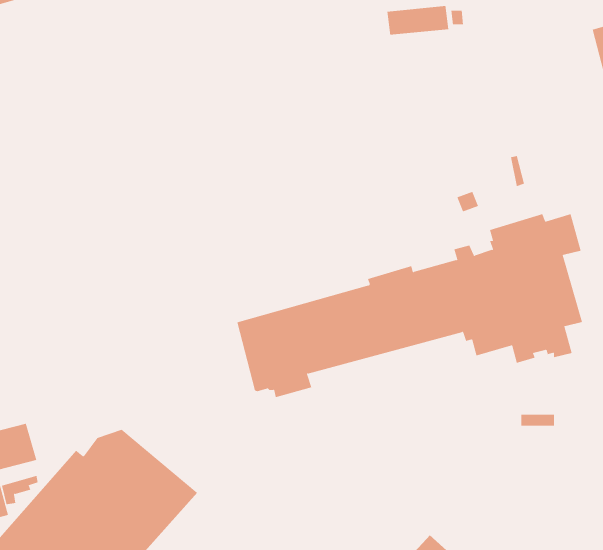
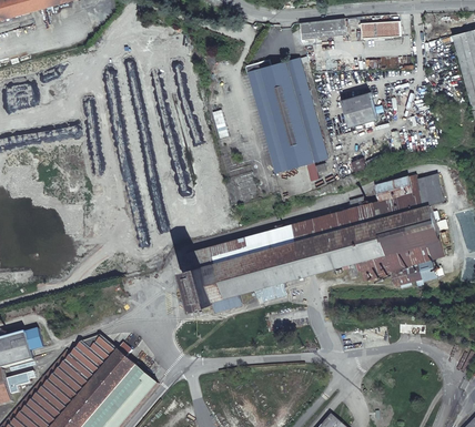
building: none -> [361,22,401,40]
building: none -> [246,59,326,173]
building: none -> [342,94,376,129]

